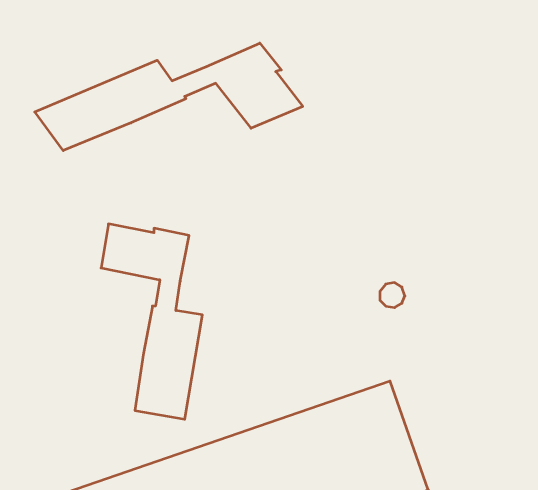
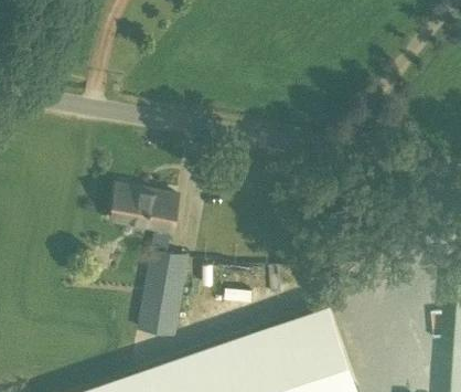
building: [35,43,303,151] -> none

